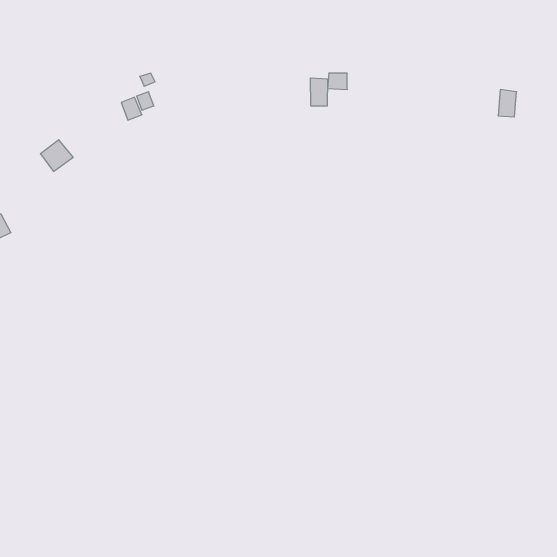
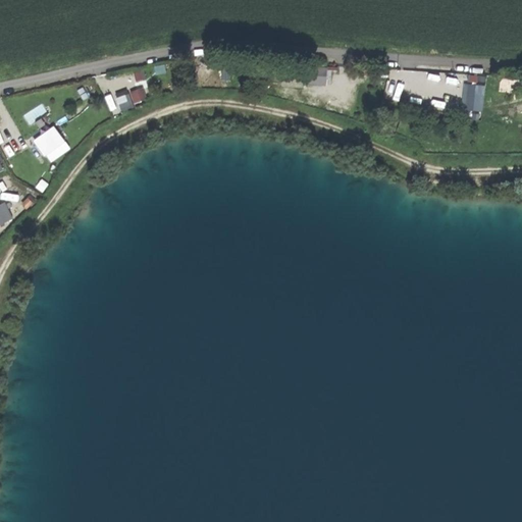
building: [311,78,327,106] -> none

